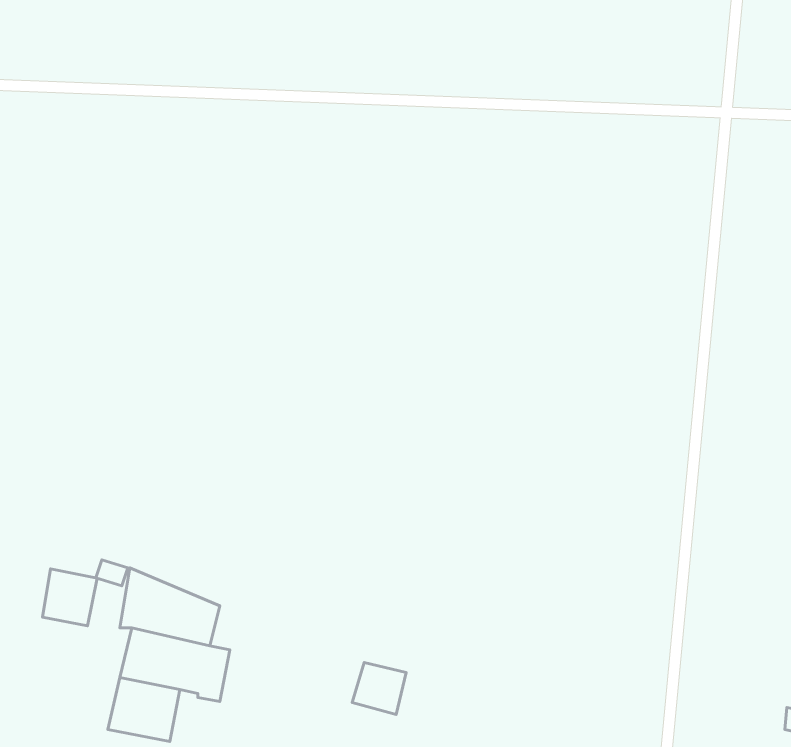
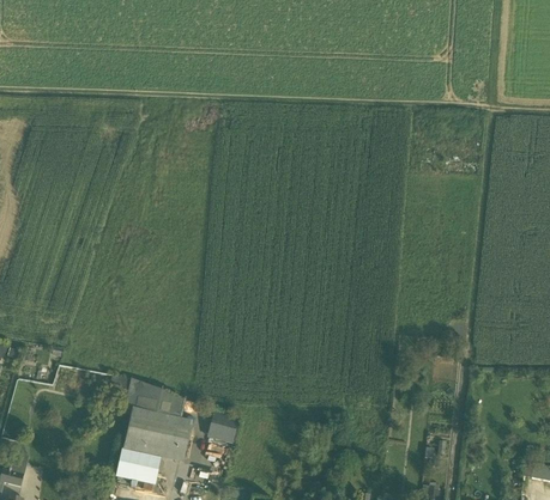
building: [42,569,97,626] -> none
building: [352,662,406,714] -> [206,411,238,443]

